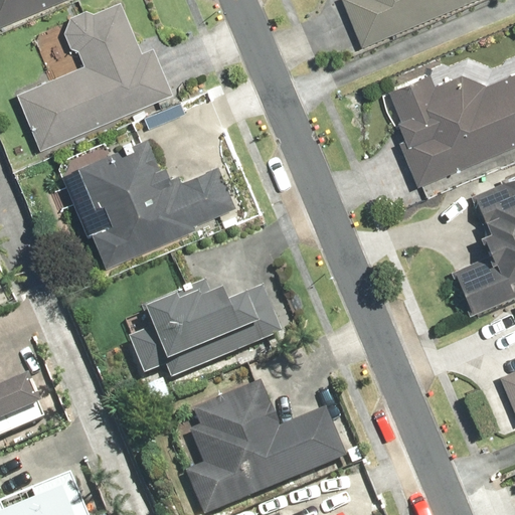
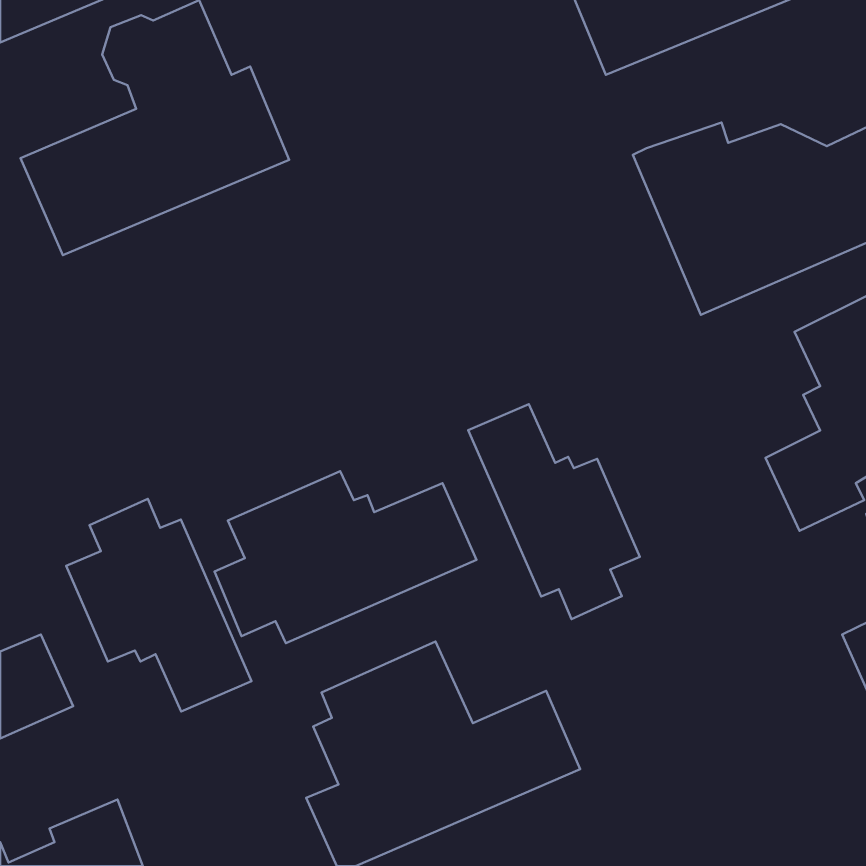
building: [75,138,239,269] -> none
building: none -> [468,404,640,619]
building: none -> [66,499,252,712]

